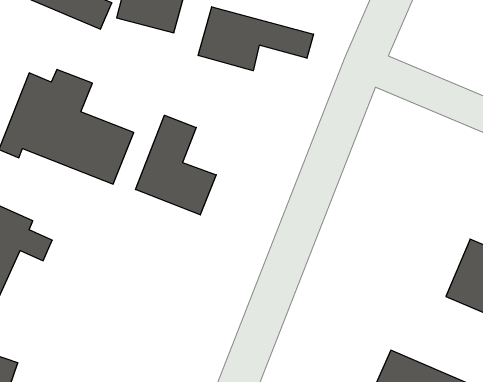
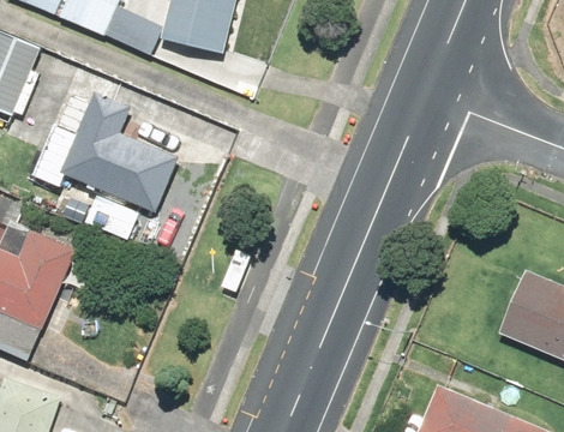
building: [198,7,313,71] -> none
building: [136,115,216,215] -> none

